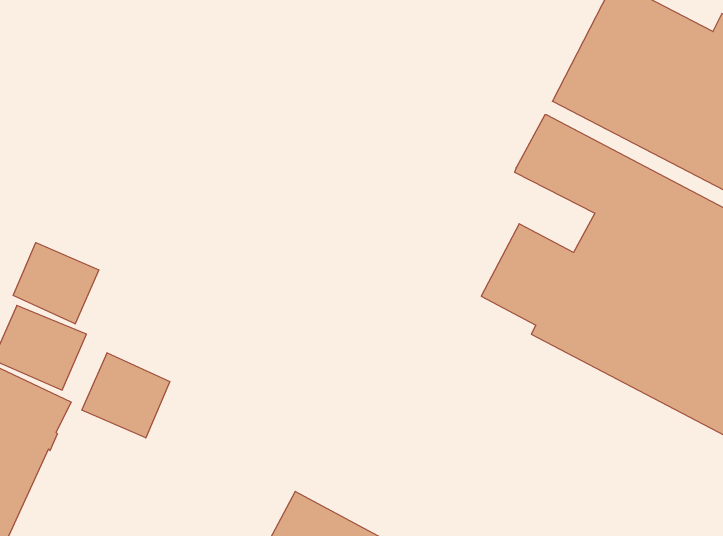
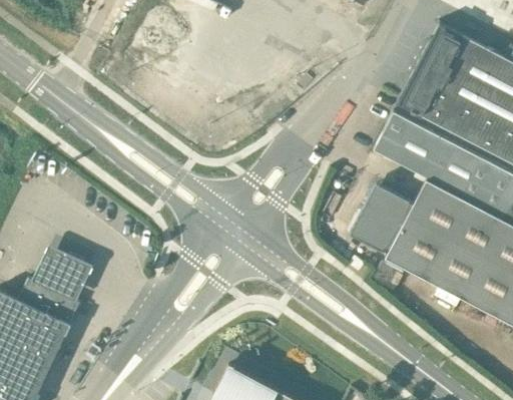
building: [13,243,99,324] -> none
building: [82,353,170,438] -> none

